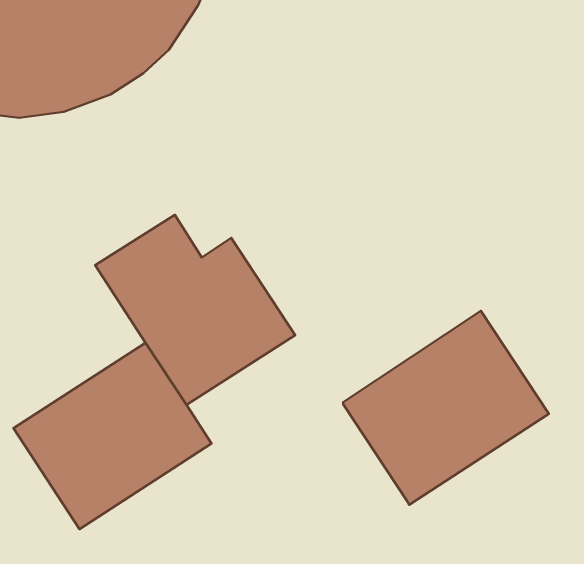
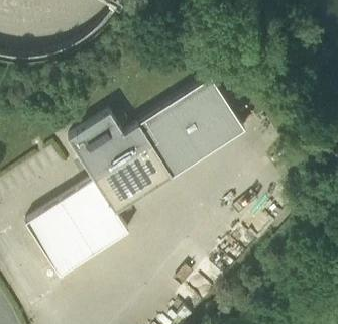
building: [343,311,549,505] -> [138,77,245,178]

